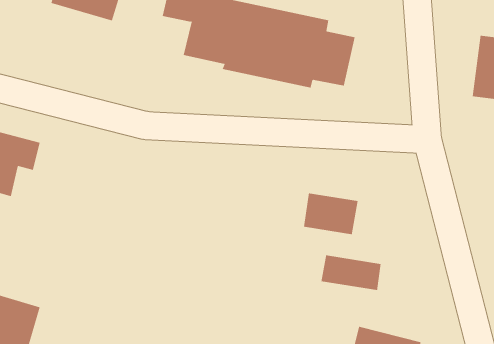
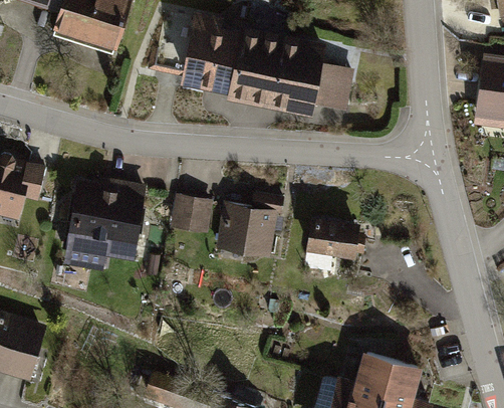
building: none -> [64,185,145,262]
building: none -> [170,199,211,235]
building: none -> [217,206,277,258]
building: [321,255,381,291] -> none

